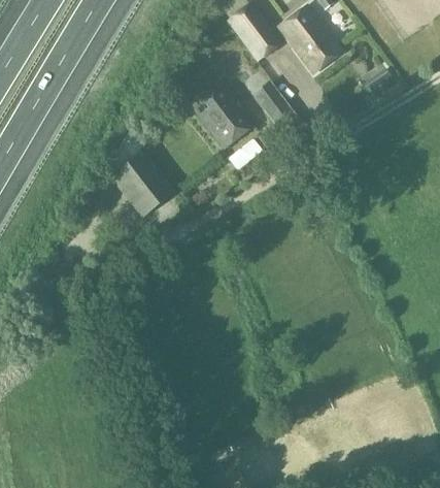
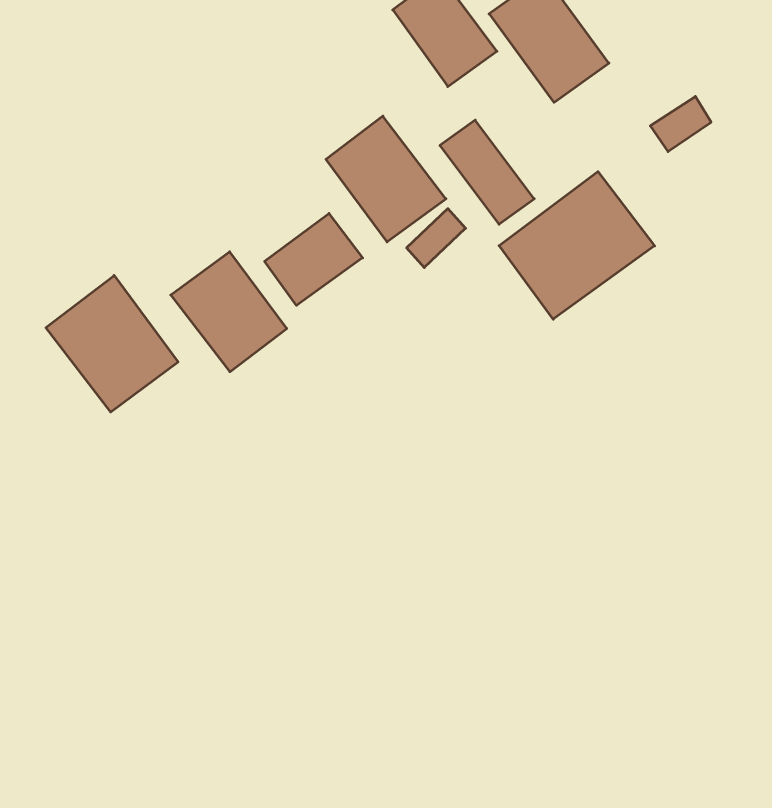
building: none -> [499,172,655,319]
building: none -> [265,213,363,305]
building: none -> [46,275,178,412]

